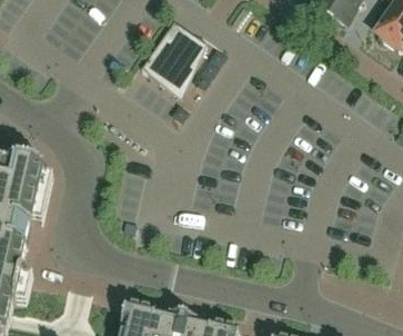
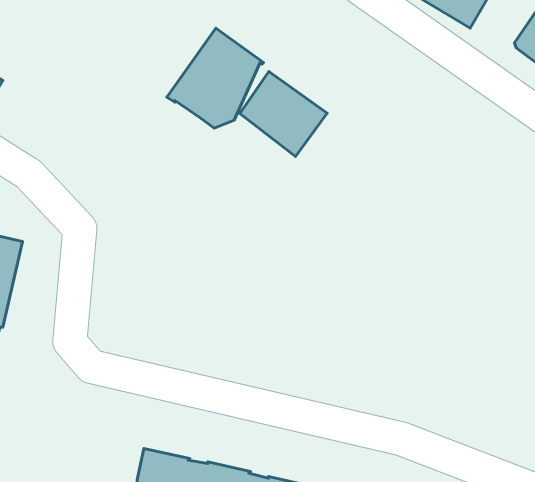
building: none -> [240,72,327,157]

